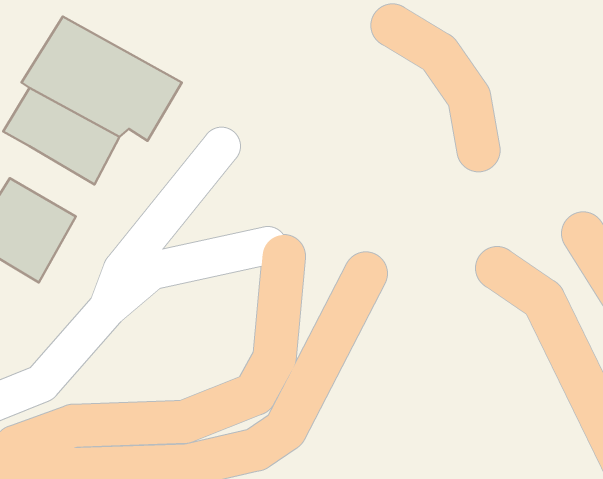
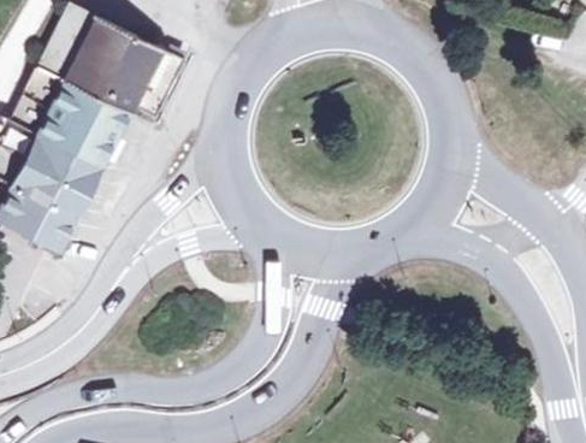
building: none -> [25,135,102,199]

